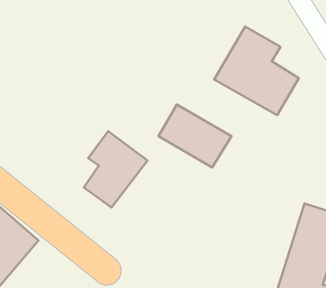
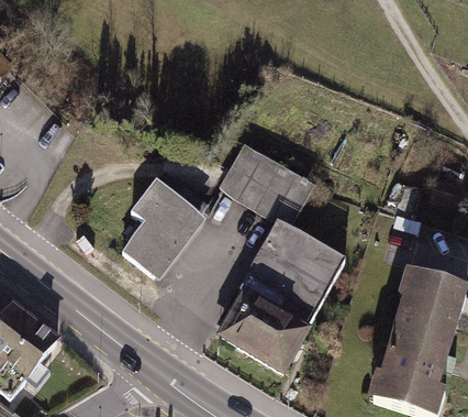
building: [214,26,299,115] -> none
building: none -> [216,224,344,371]

